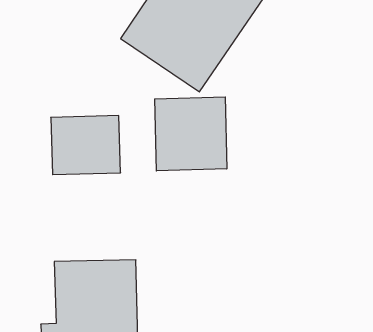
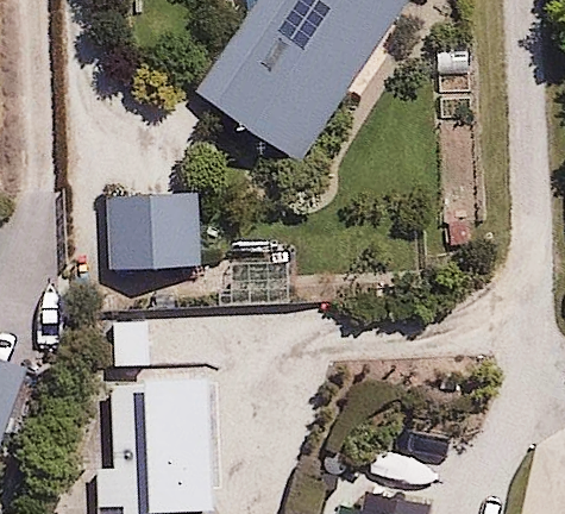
building: [155,97,227,171] -> none

